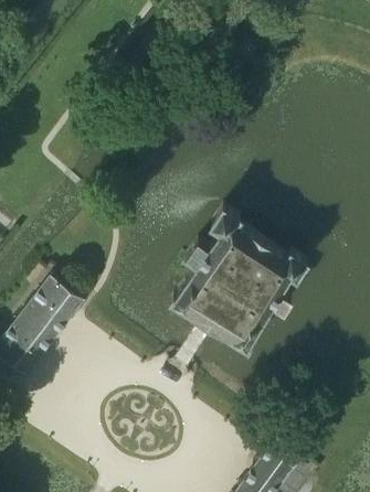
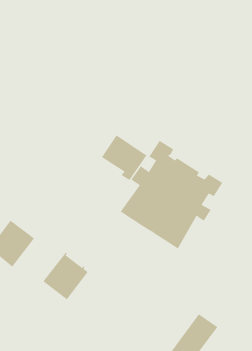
building: none -> [101,135,147,181]
building: [22,271,84,336] -> [43,252,88,300]

